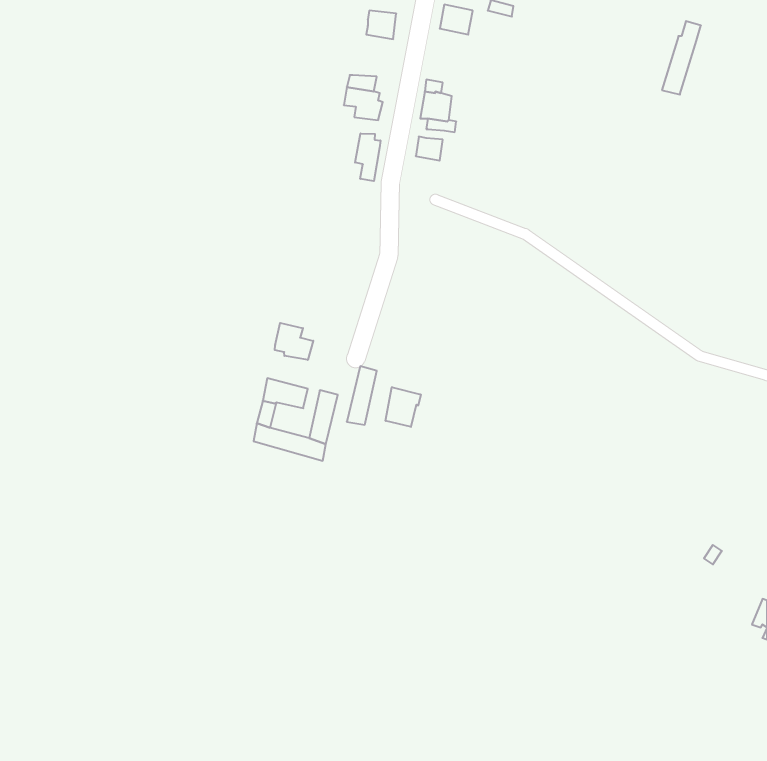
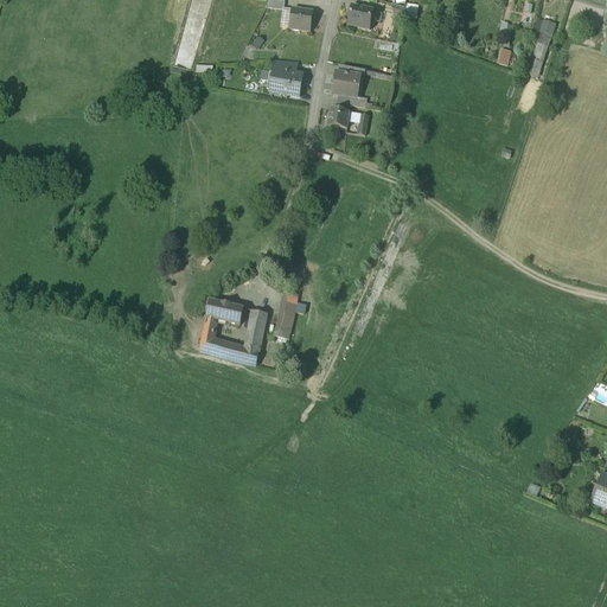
building: [355,133,380,181] -> none
building: [275,323,313,360] -> none
building: [386,387,421,427] -> none

